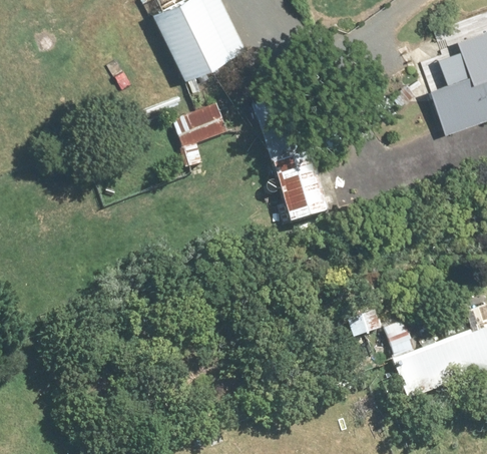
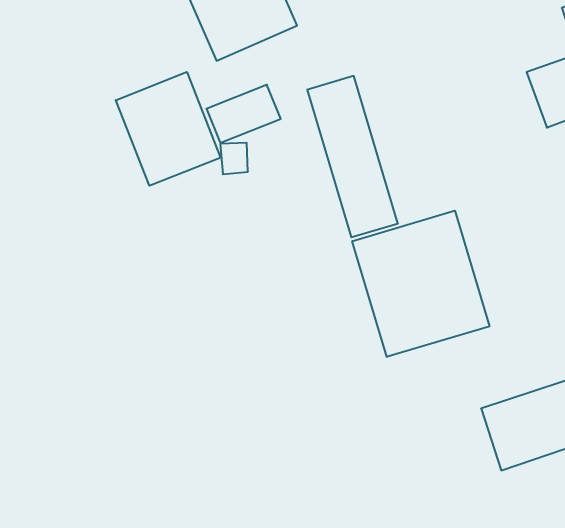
building: none -> [116,72,220,186]
building: none -> [352,211,489,357]

